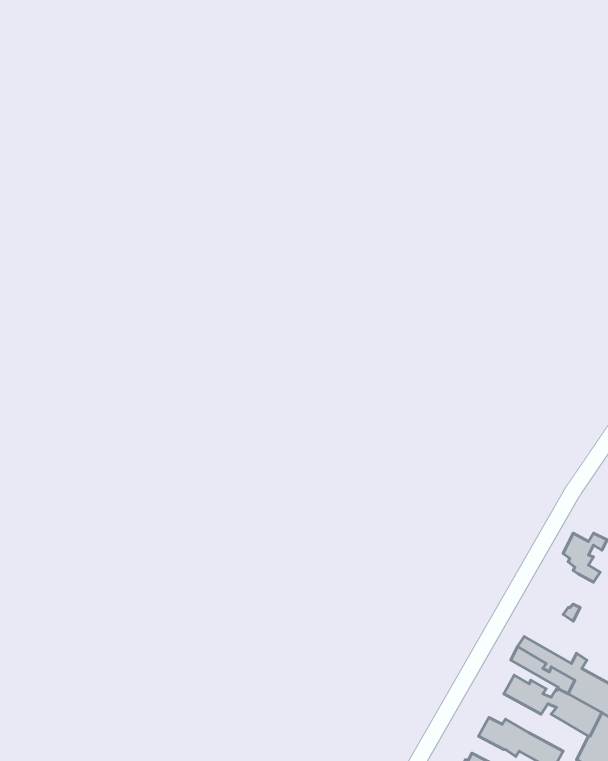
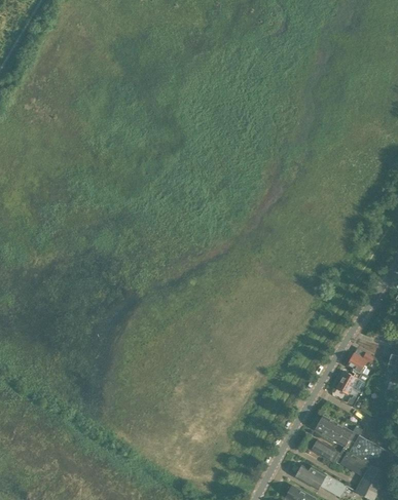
building: none -> [335,372,365,394]

